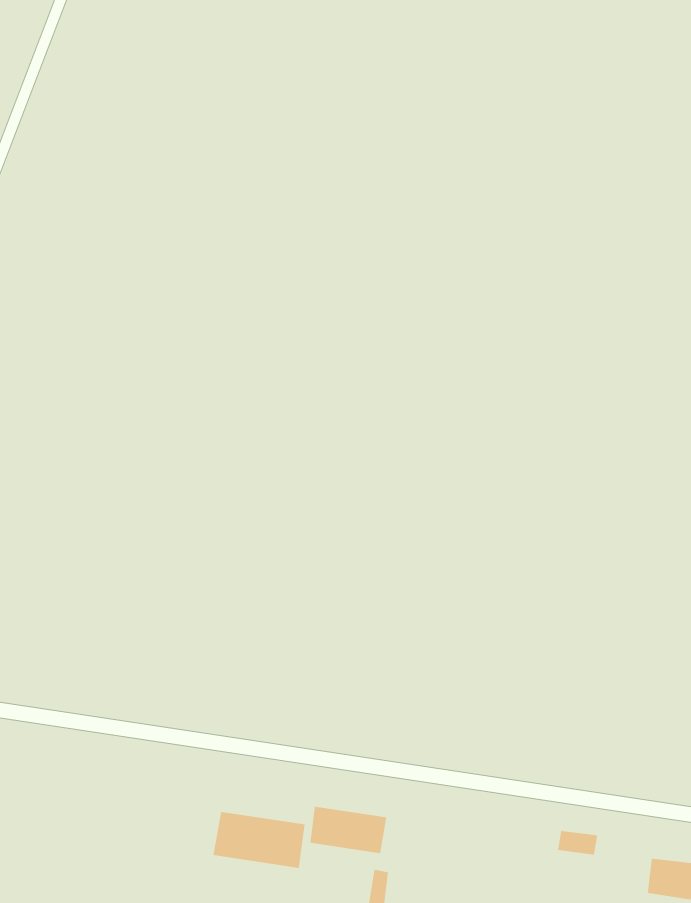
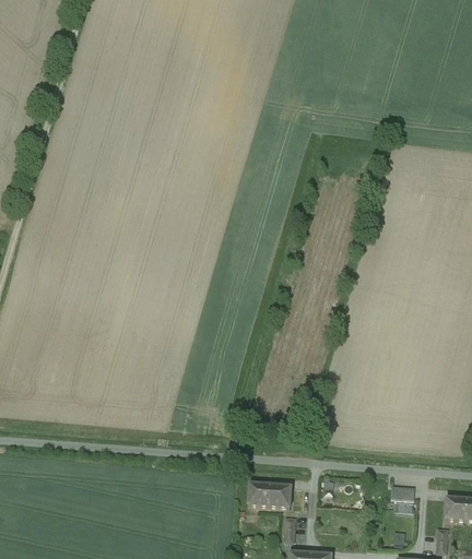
building: [213,811,305,869] -> none

